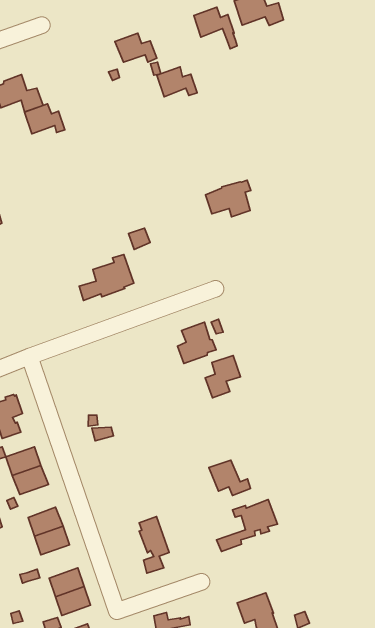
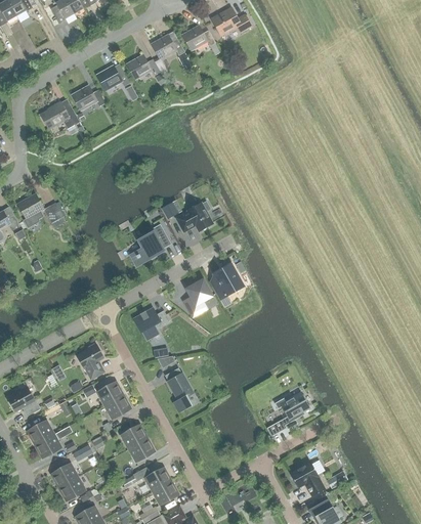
building: none -> [96,66,130,90]
building: [157,67,197,97] -> [152,35,184,59]
building: [25,104,65,134] -> [72,86,104,111]
building: [206,180,251,217] -> [176,202,212,231]
building: [205,355,240,398] -> [184,280,211,315]
building: none -> [133,308,169,340]
building: [209,460,251,495] -> none
building: [139,516,169,573] -> [166,367,193,411]

